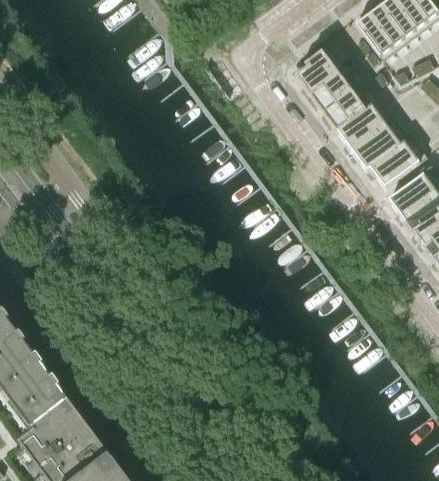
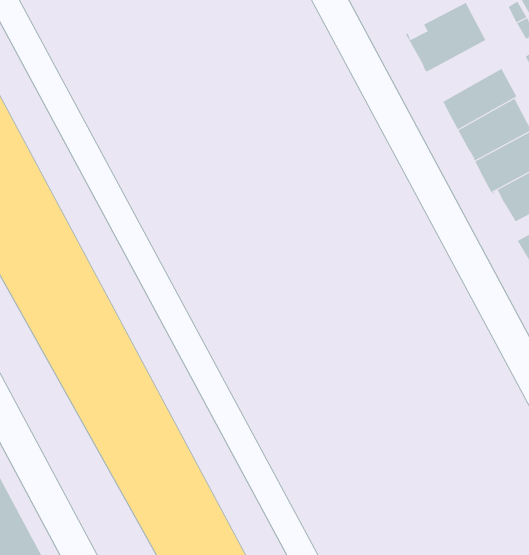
building: [311,67,360,112] -> none

